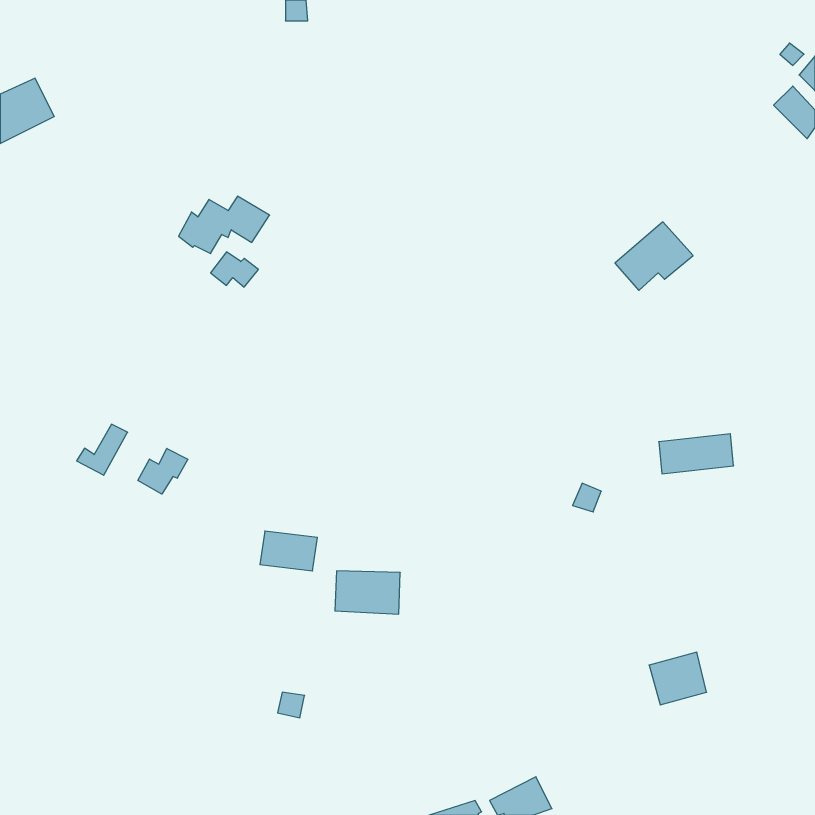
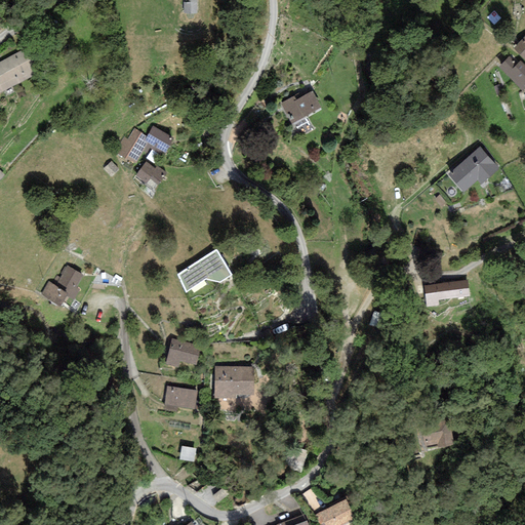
building: none -> [281,91,321,124]
building: [615,222,693,290] -> [449,147,499,191]
building: none -> [178,249,231,291]
building: [138,448,188,494] -> none
building: none -> [165,387,197,409]

